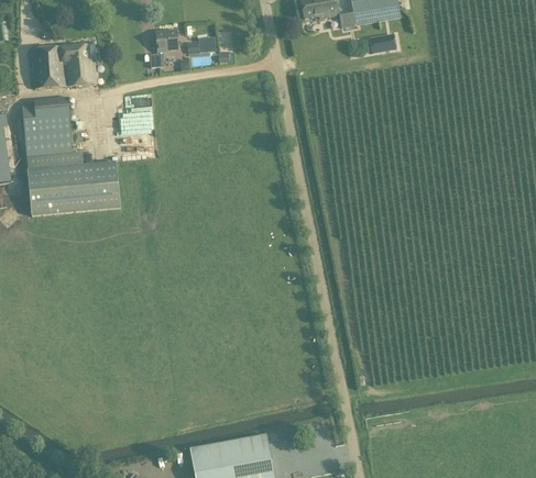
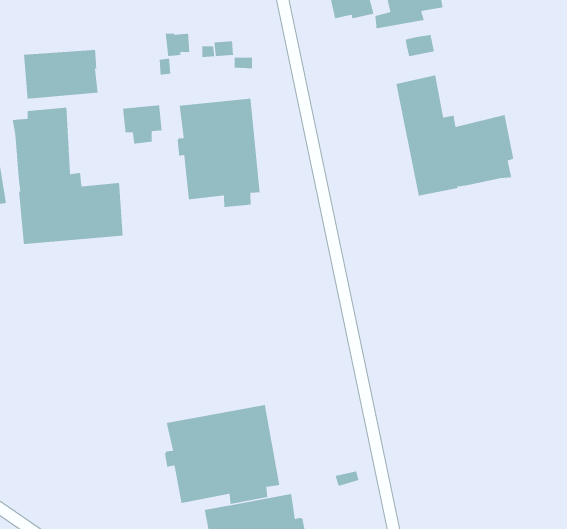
building: none -> [396,74,514,196]
building: none -> [177,98,261,208]
building: none -> [164,404,280,505]

